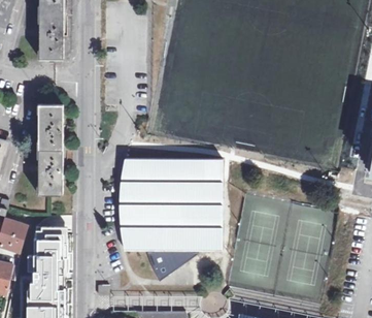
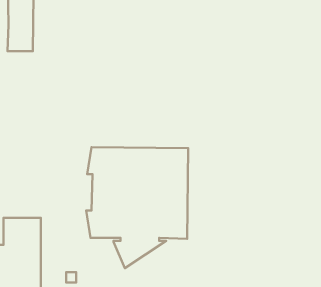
building: [38,105,63,194] -> none

